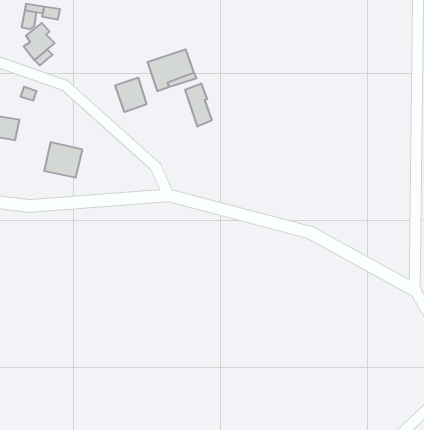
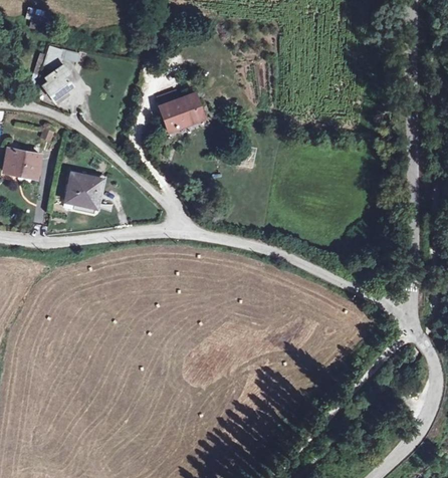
building: [115,78,147,112] -> none
building: [185,83,212,127] -> none

